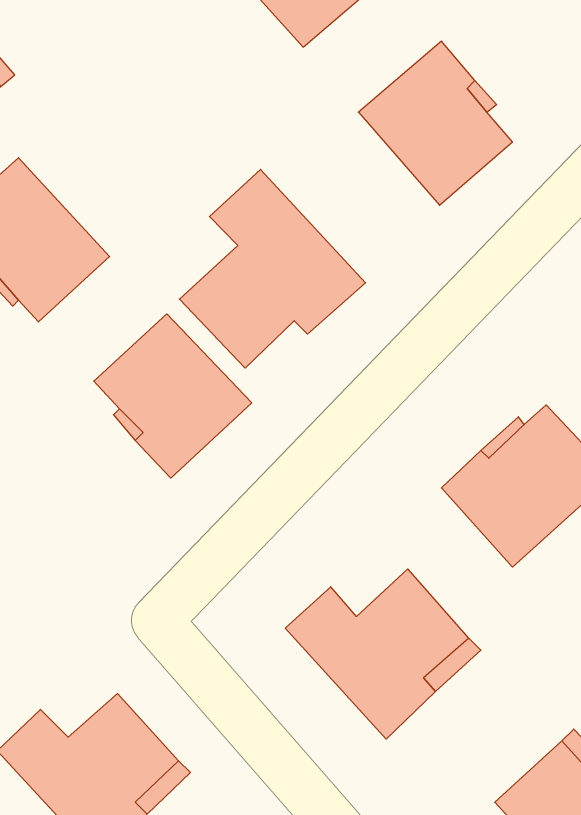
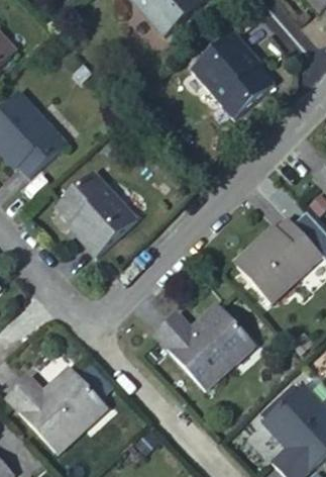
building: [179,169,366,368] -> none

